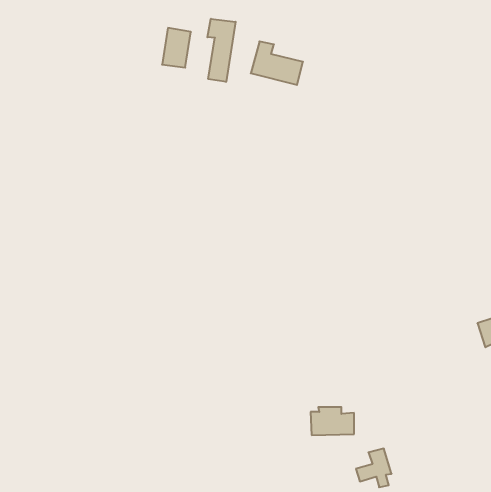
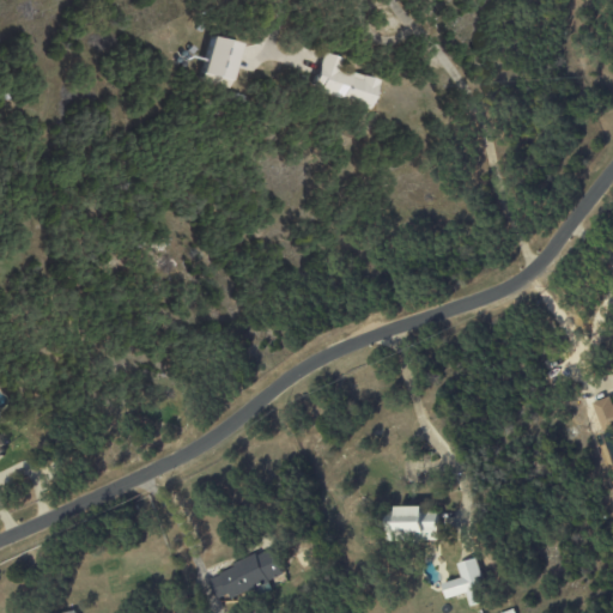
building: [207,19,236,82] -> none
building: none -> [210,548,287,597]

